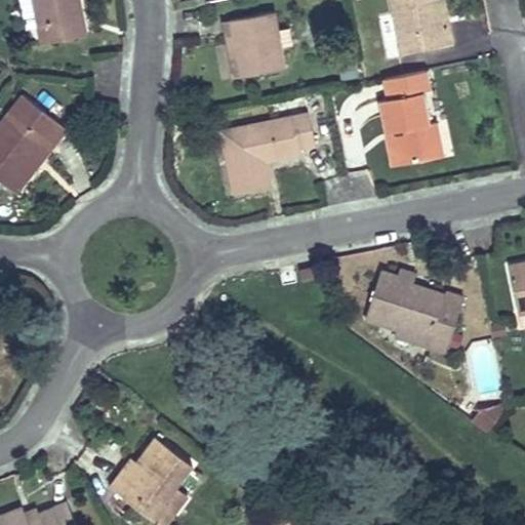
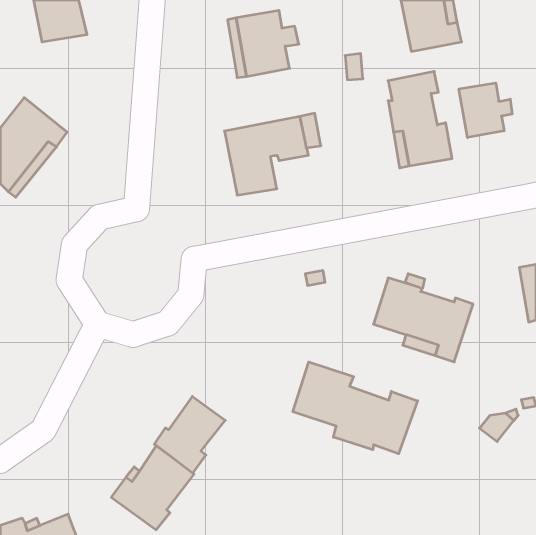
building: none -> [459,83,512,138]
building: none -> [293,362,418,454]
building: none -> [154,396,225,473]

